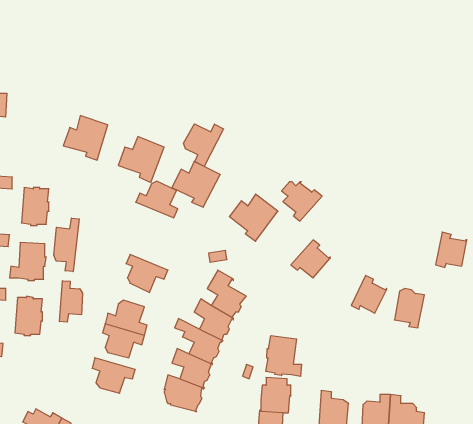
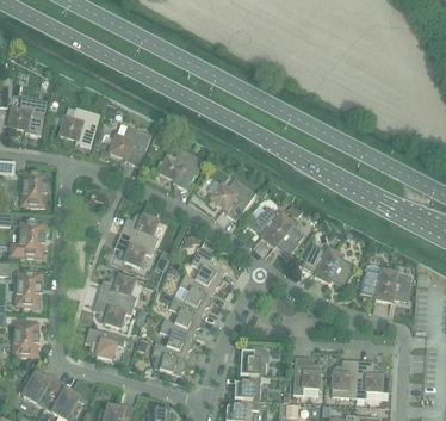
building: none -> [8,97,47,135]
building: [183,124,224,166] -> none
building: [136,181,178,218] -> [120,213,159,247]
building: [282,182,322,221] -> [250,206,287,242]
building: [54,218,79,272] -> none
building: [436,232,467,267] -> [383,270,411,302]
building: none -> [303,243,335,279]
building: [60,281,82,322] -> none
building: [266,336,301,376] -> none
building: none -> [13,321,38,355]

